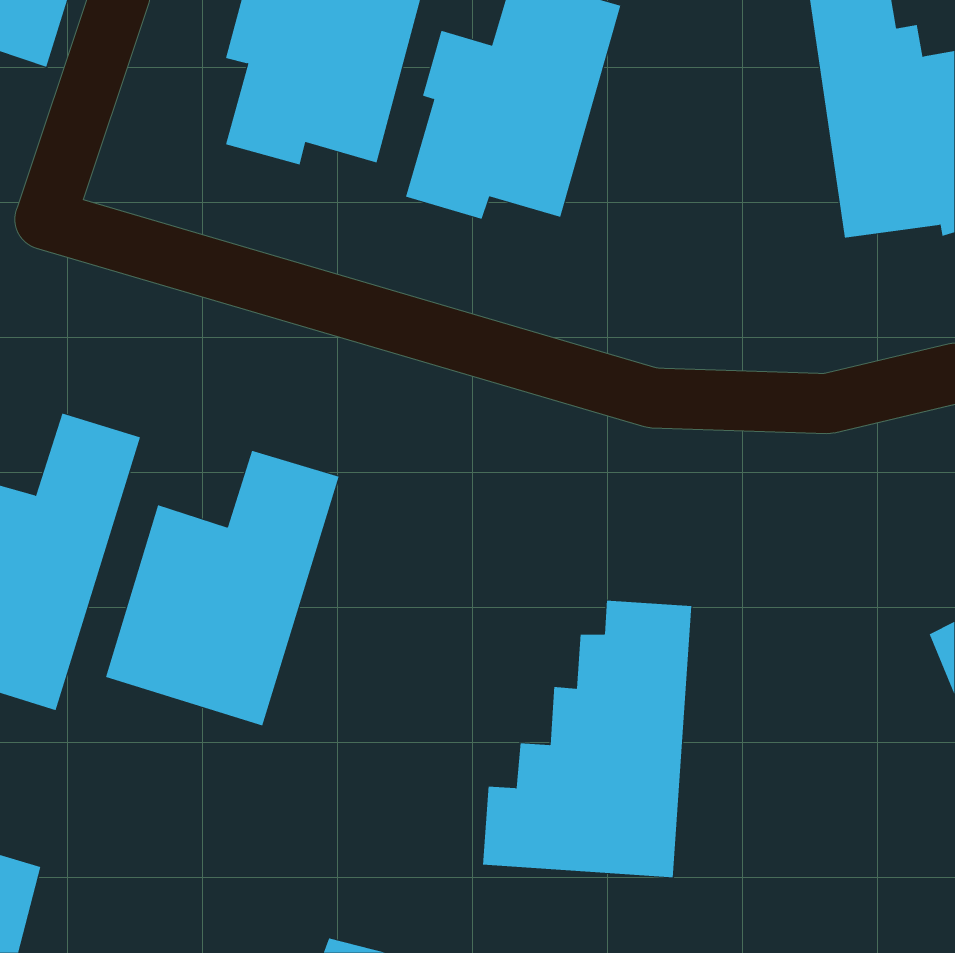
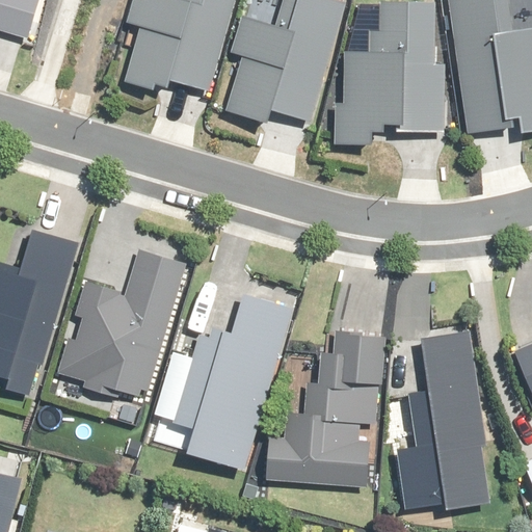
building: none -> [336,4,444,143]
building: none -> [152,291,294,469]
building: none -> [395,330,490,512]

